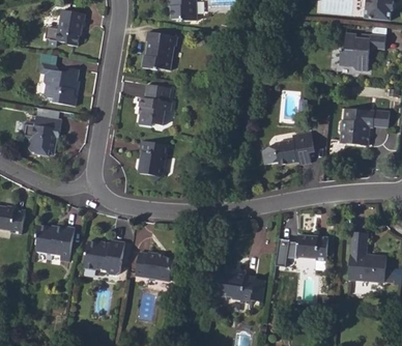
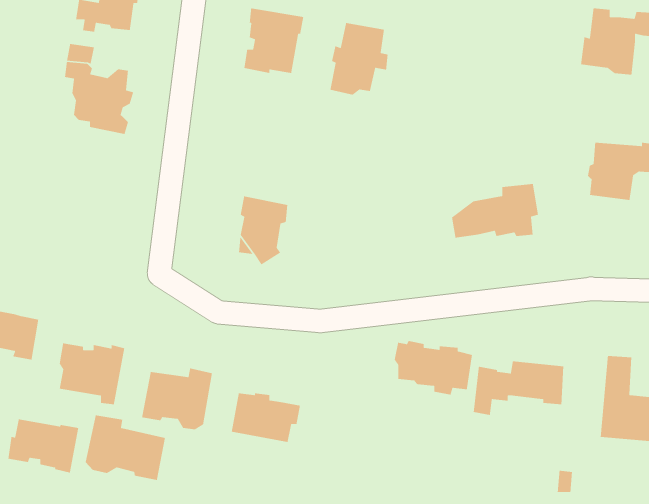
building: [139,84,173,126] -> [329,22,389,95]
building: [22,115,61,158] -> none
building: none -> [85,415,166,481]
building: none -> [8,418,79,473]
building: [220,272,265,305] -> [394,340,473,396]

